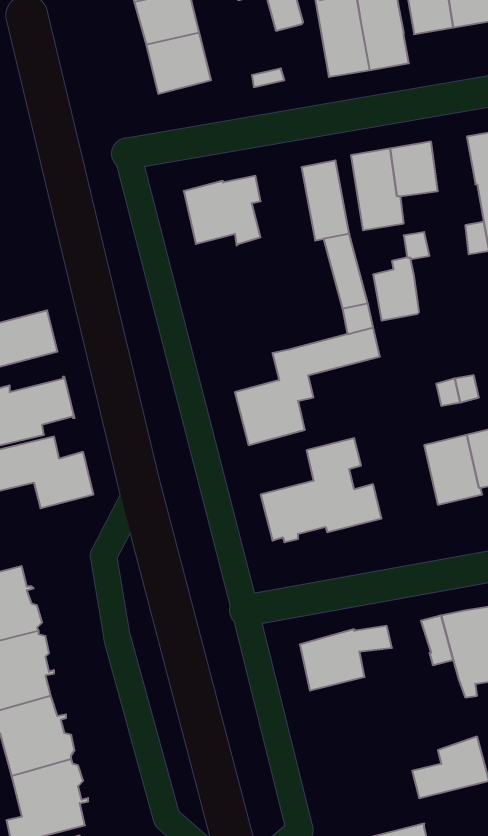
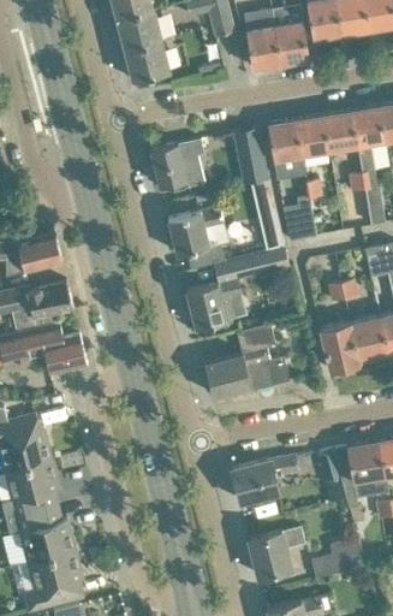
building: none -> [324,112,356,150]
building: none -> [167,207,227,270]
building: none -> [249,527,303,578]

